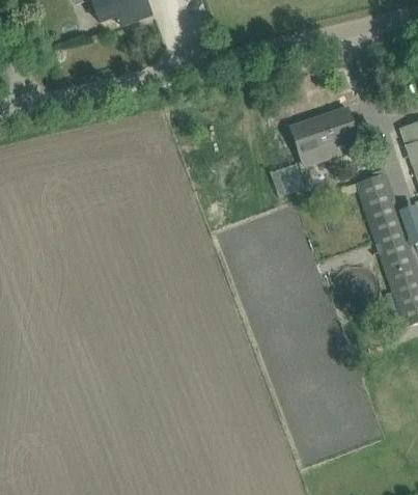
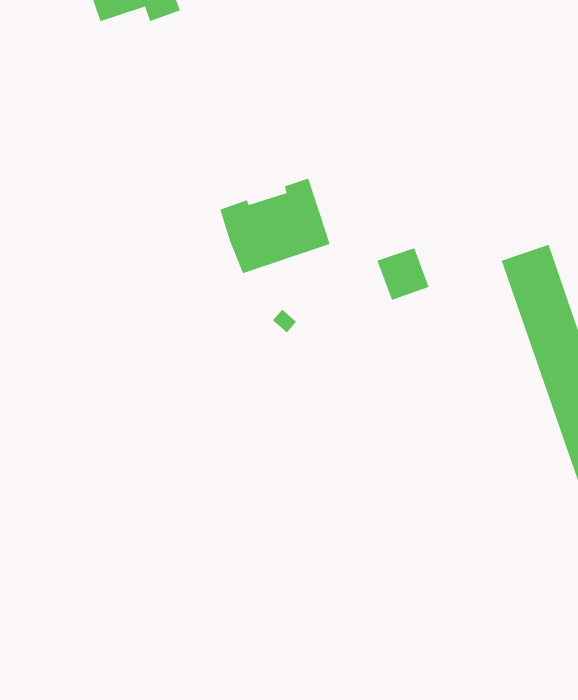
building: [291,106,361,166] -> [219,178,330,274]

